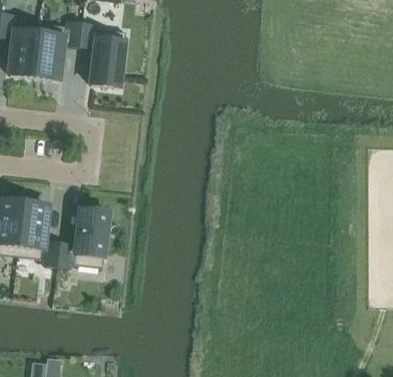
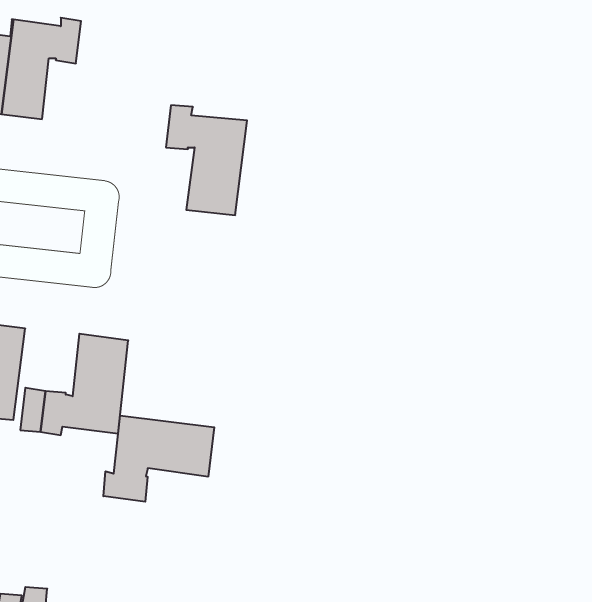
building: [78,21,126,86] -> [166,105,247,215]
building: none -> [103,416,214,502]

